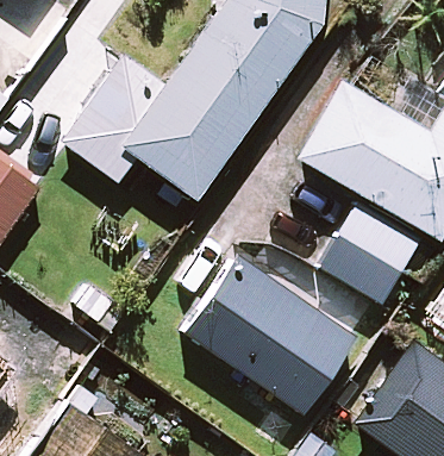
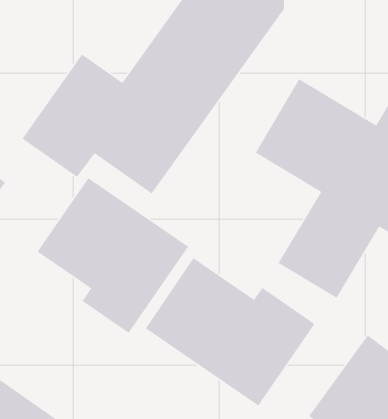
building: none -> [37,177,189,334]

